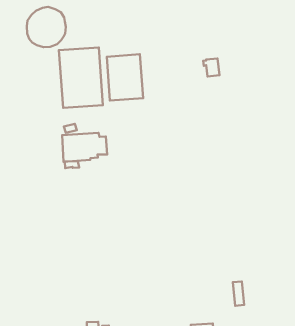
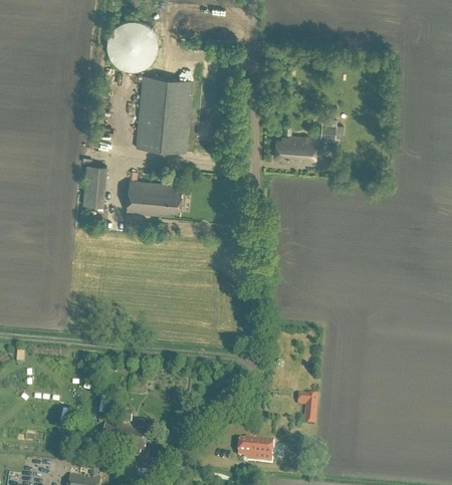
building: [107,54,143,100] -> none
building: none -> [273,137,315,165]
building: none -> [82,164,106,205]

